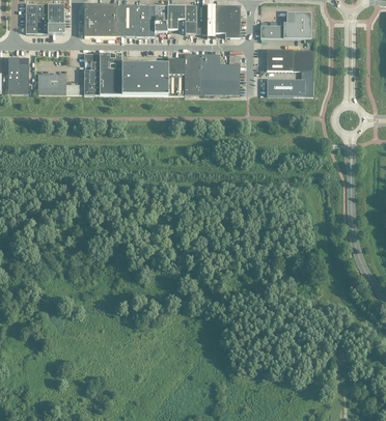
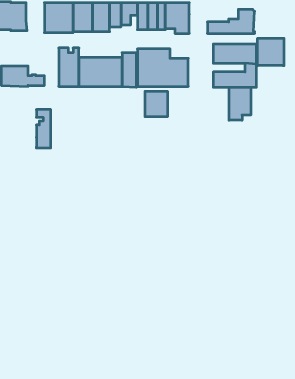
building: none -> [258,38,284,66]
building: [83,53,99,94] -> [36,110,51,148]
building: none -> [229,87,251,120]
building: none -> [145,91,167,117]

